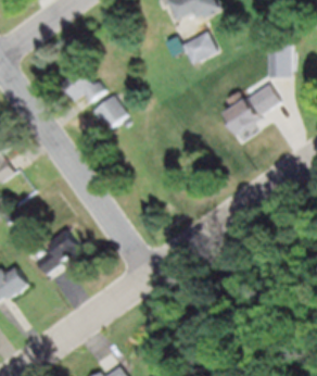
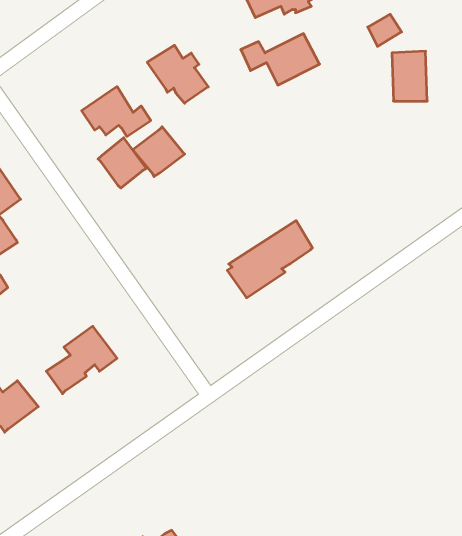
building: none -> [147,45,208,103]
building: [223,84,280,136] -> [227,221,312,298]
building: none -> [98,138,146,188]

